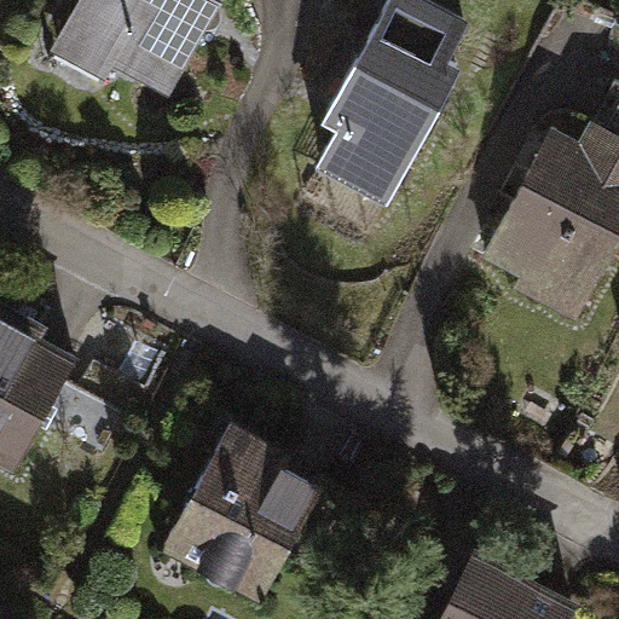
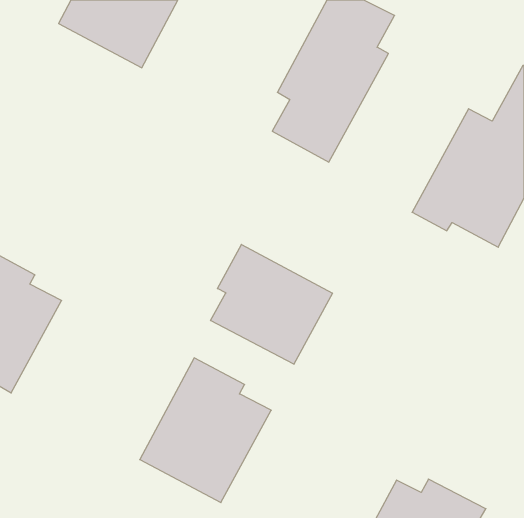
building: none -> [211,244,332,364]

